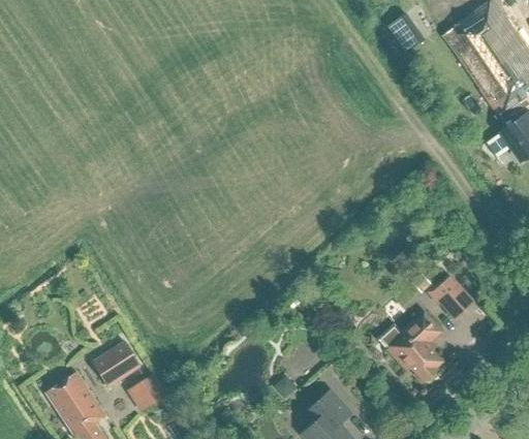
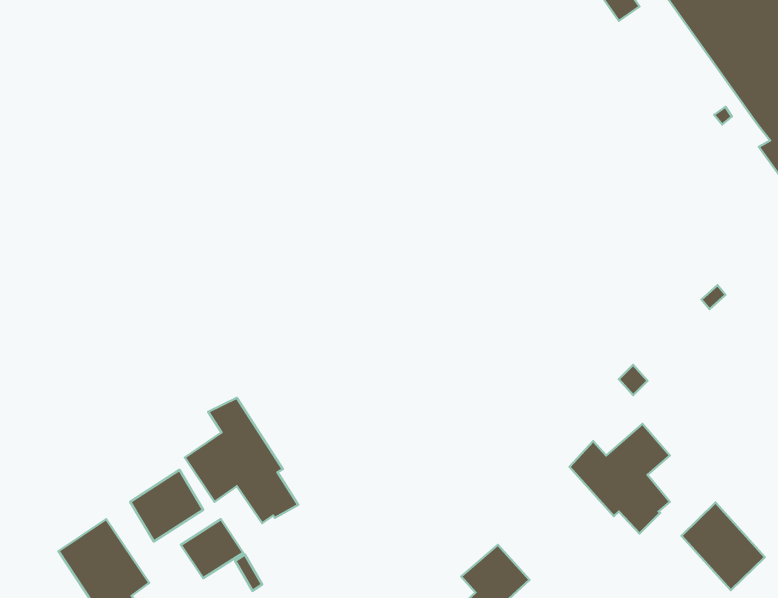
building: [430,276,472,320] -> none
building: none -> [185,398,298,523]
building: none -> [682,503,765,590]

